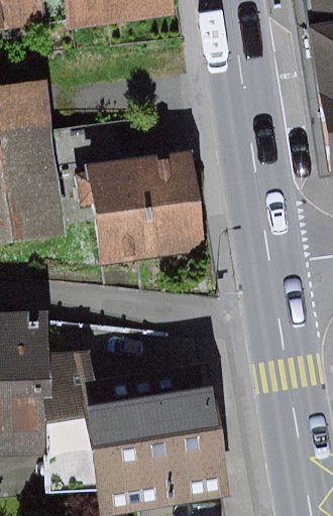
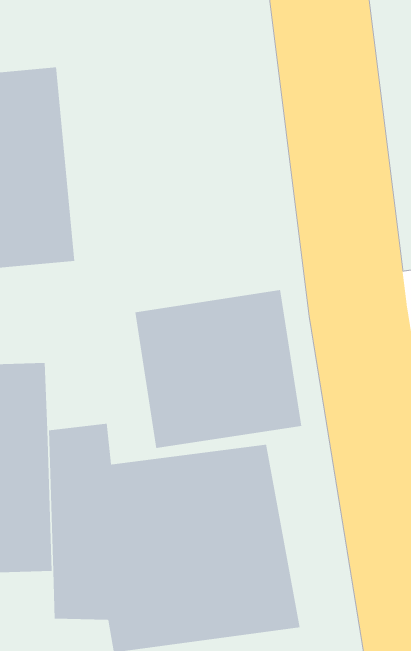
building: [86,147,206,261] -> [134,290,302,449]

